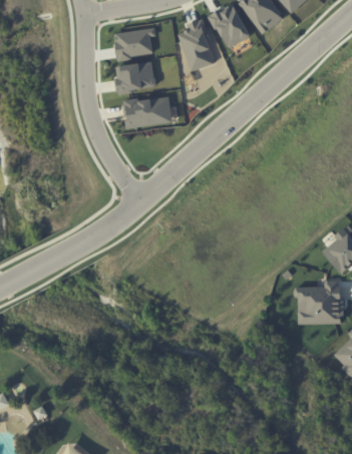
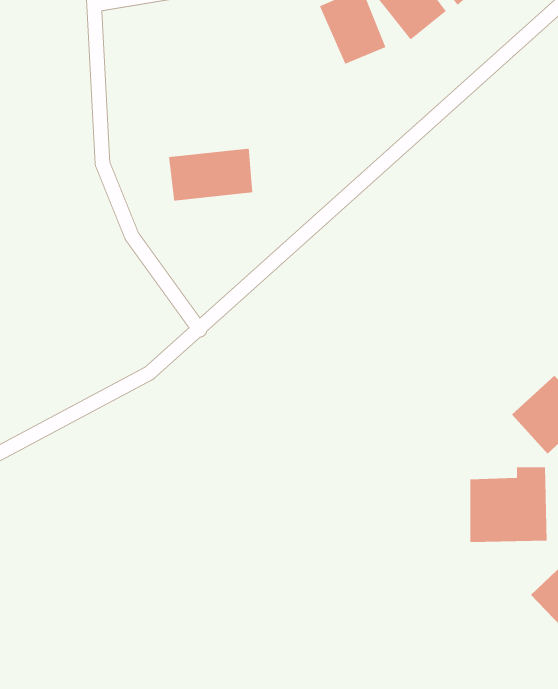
building: [179,19,215,71] -> none
building: [114,28,155,59] -> none
building: [114,61,155,92] -> none

